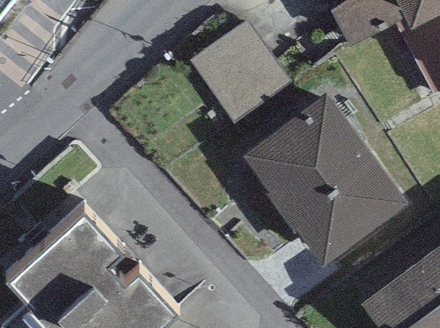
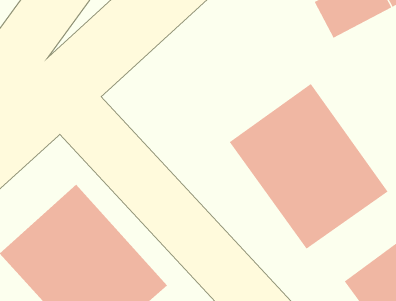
building: [191,33,290,132] -> none

